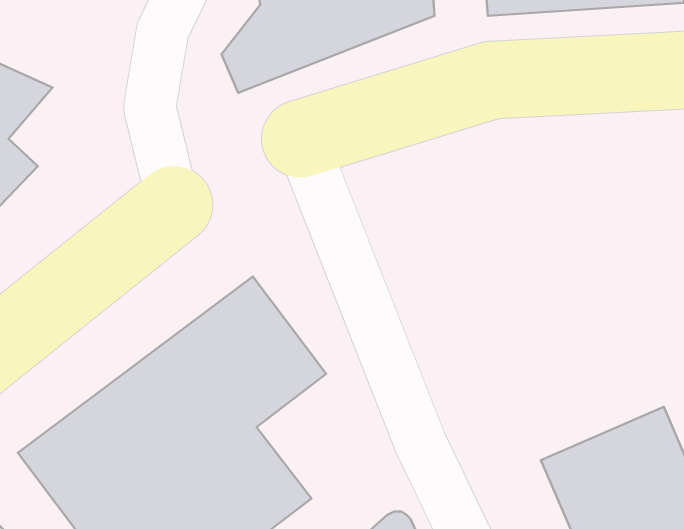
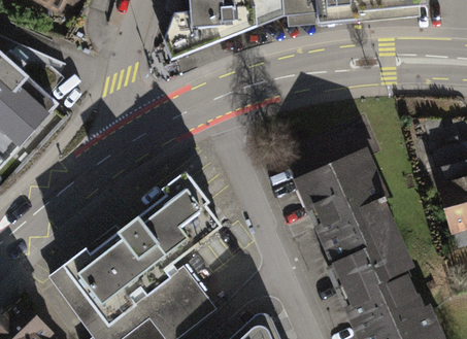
building: none -> [295,145,409,280]

